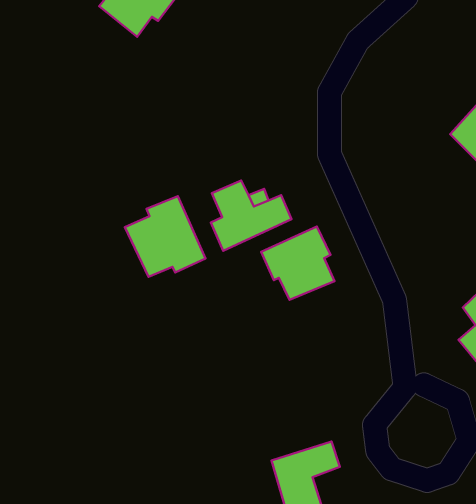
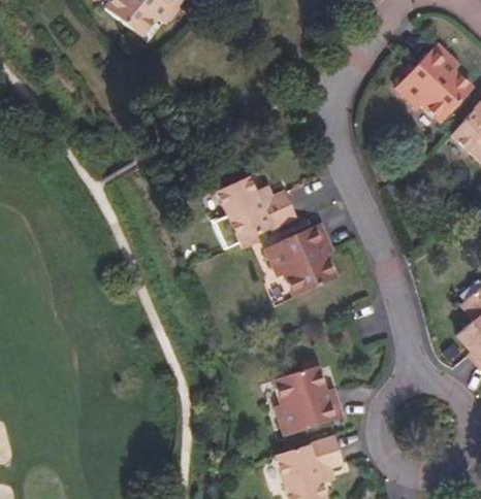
building: none -> [395,43,473,121]
building: [125,196,206,277] -> none
building: none -> [275,366,344,435]

